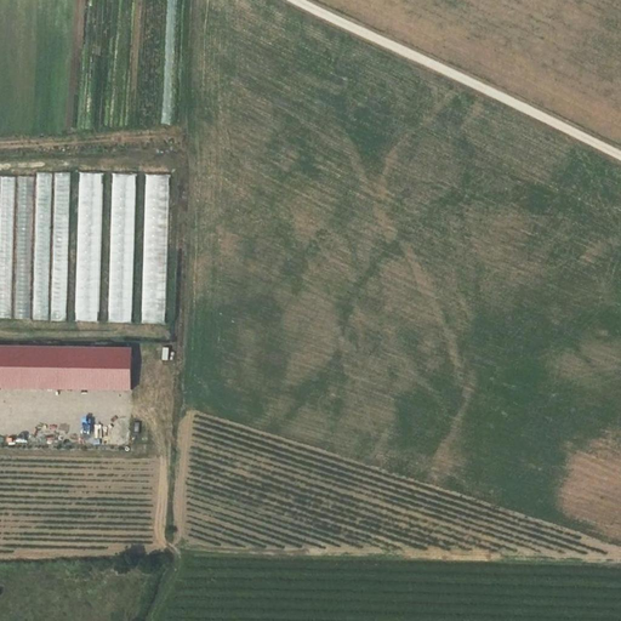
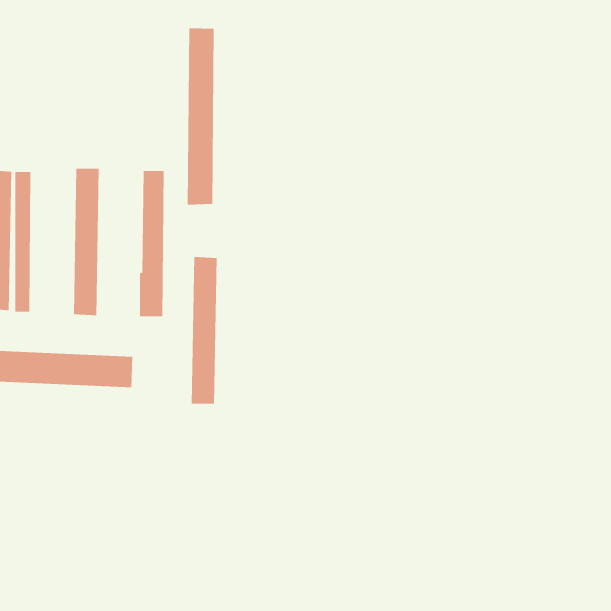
building: none -> [187,27,214,205]
building: [32,170,68,317] -> none
building: [107,170,133,319] -> [191,257,217,404]

